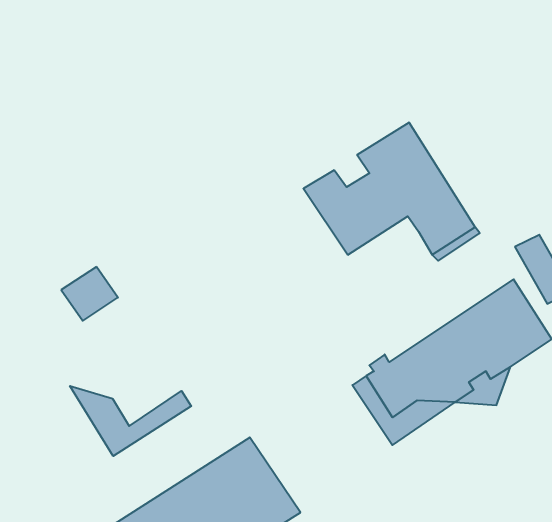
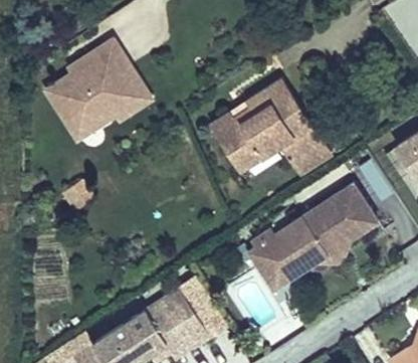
building: none -> [43,39,148,126]
building: [70,386,191,456] -> none

